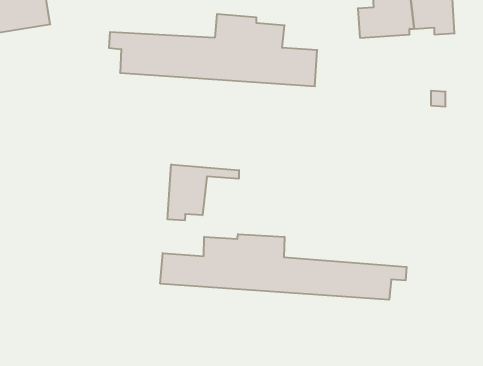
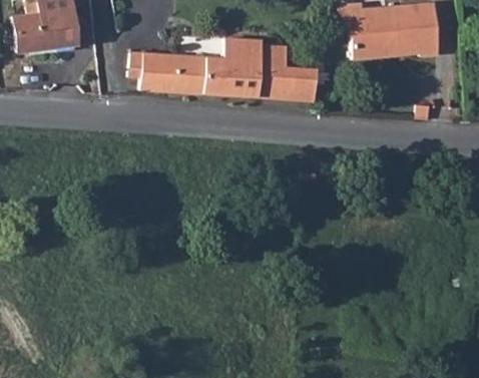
building: [168,164,239,220] -> none
building: [160,234,407,300] -> none

